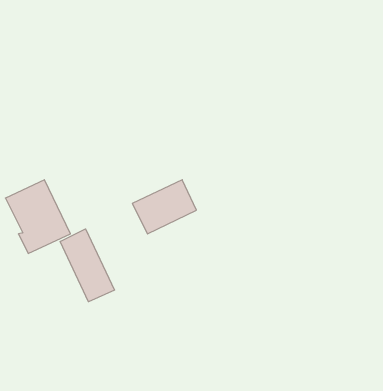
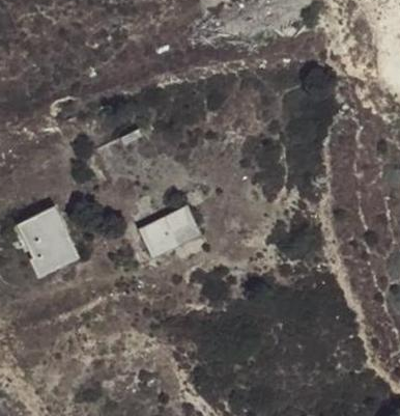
building: [60,229,115,302] -> none

